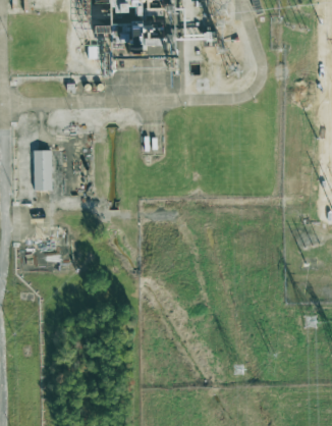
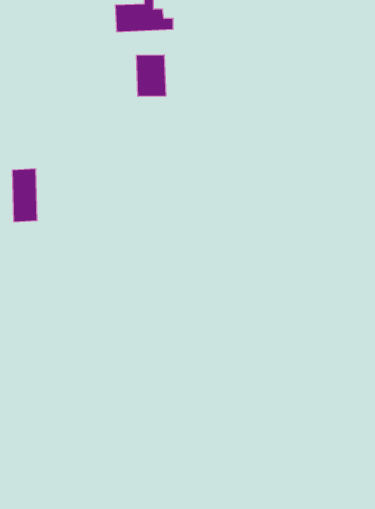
building: none -> [136,55,166,96]

